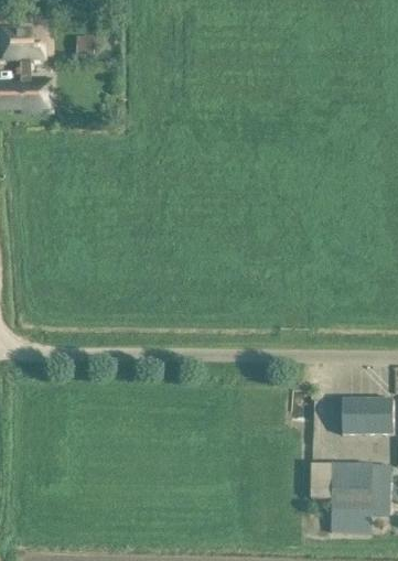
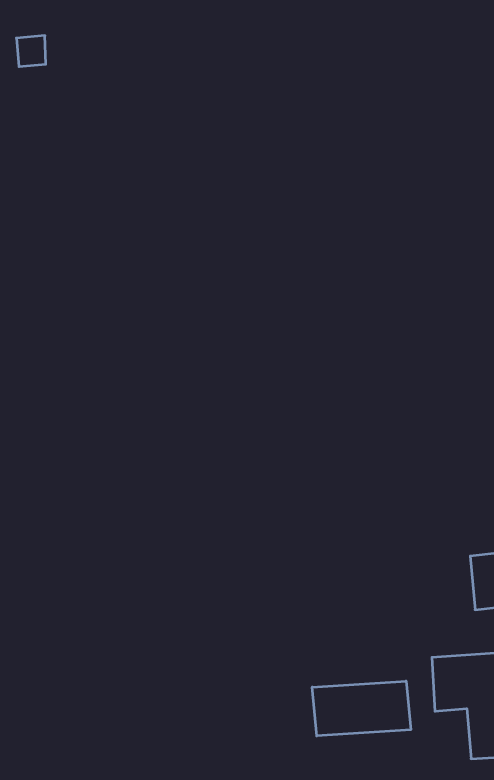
building: none -> [312,681,411,736]

